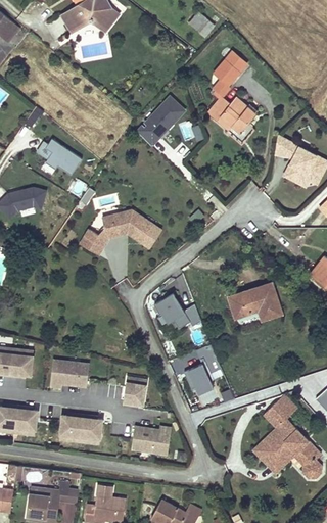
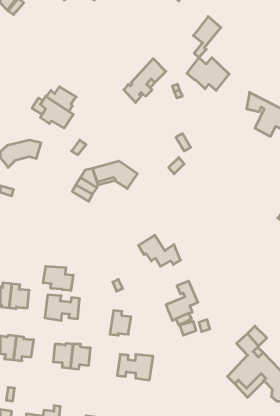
building: none -> [47,87,76,111]
building: [228,283,282,321] -> none
building: none -> [43,266,73,291]

